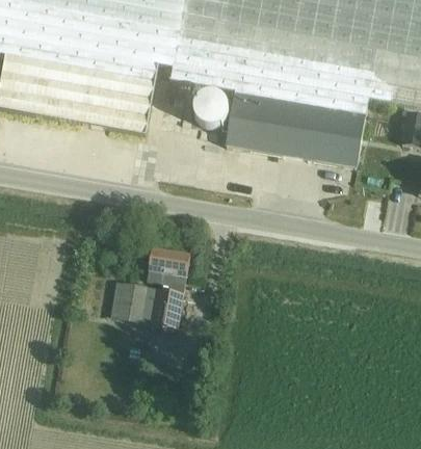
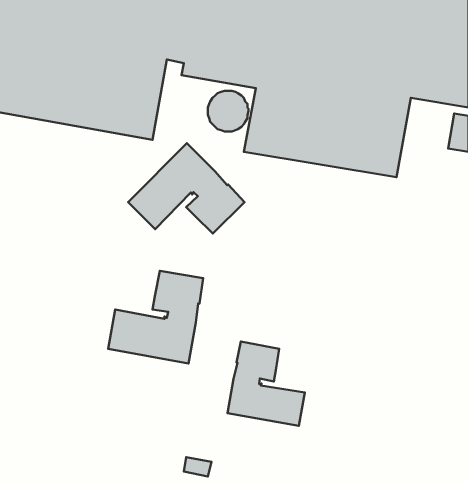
building: none -> [128,143,245,233]
building: none -> [227,342,305,426]

